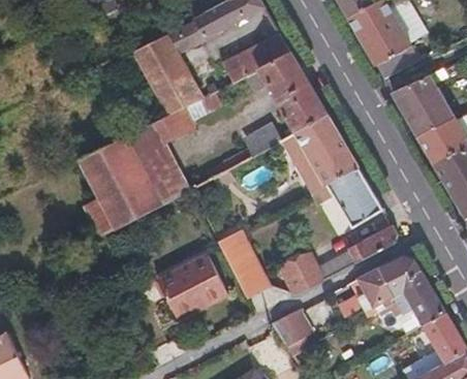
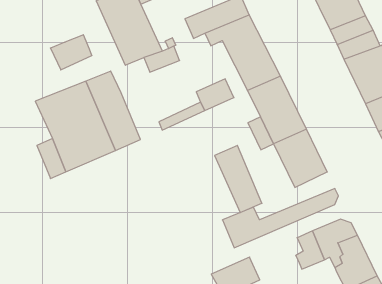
building: [152,105,195,144] -> [50,35,92,70]
building: [216,229,269,298] -> [215,145,262,213]
building: [156,255,226,315] -> none

